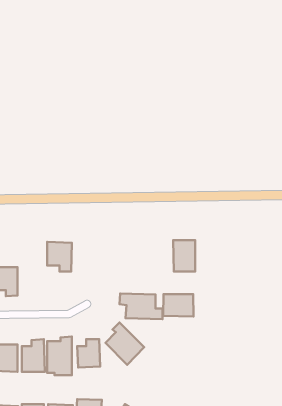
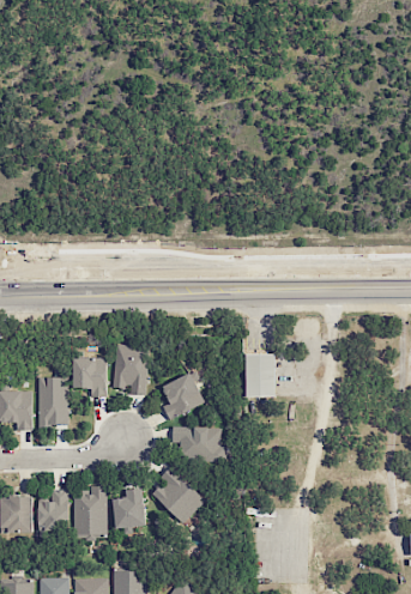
building: none -> [113,341,149,394]
building: none -> [162,372,205,420]
building: none -> [38,376,67,425]
building: [163,294,194,317] -> none

